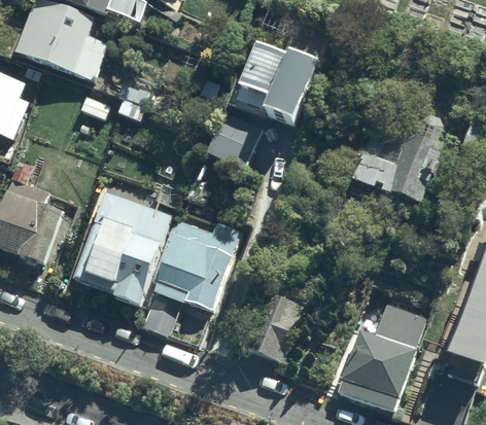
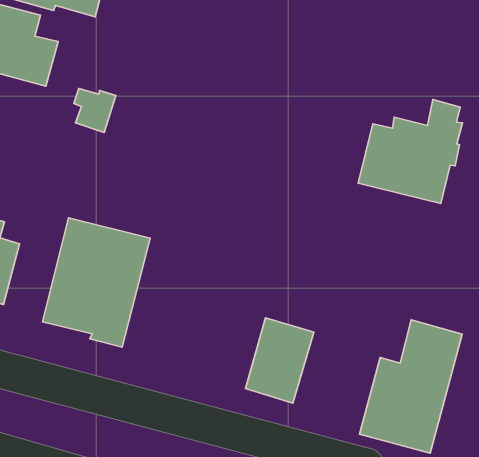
building: [237,46,318,125] -> none
building: [209,115,262,168] -> none
building: [141,219,241,335] -> none

